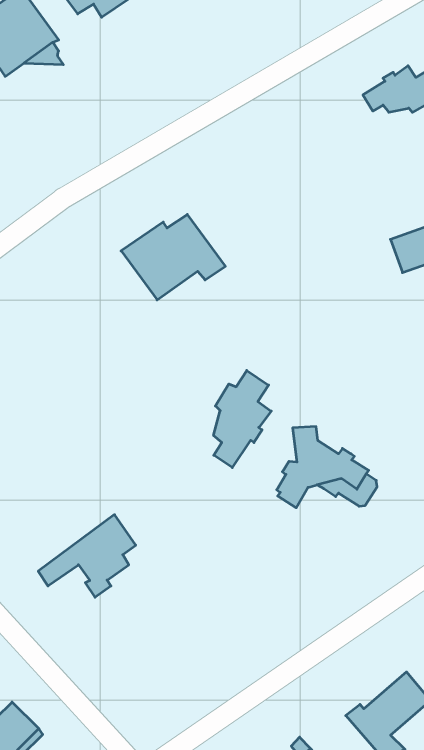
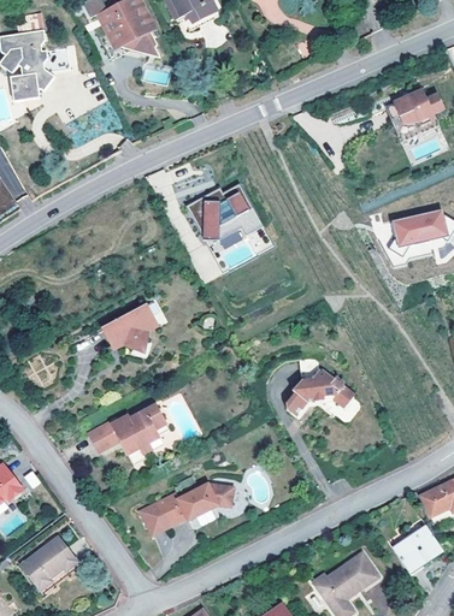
building: [214,370,271,468] -> none
building: none -> [102,302,151,350]
building: none -> [138,482,232,535]

